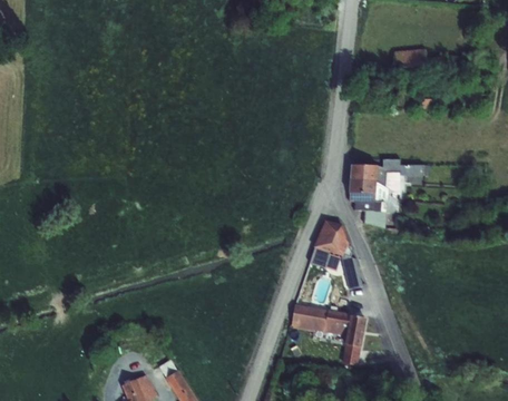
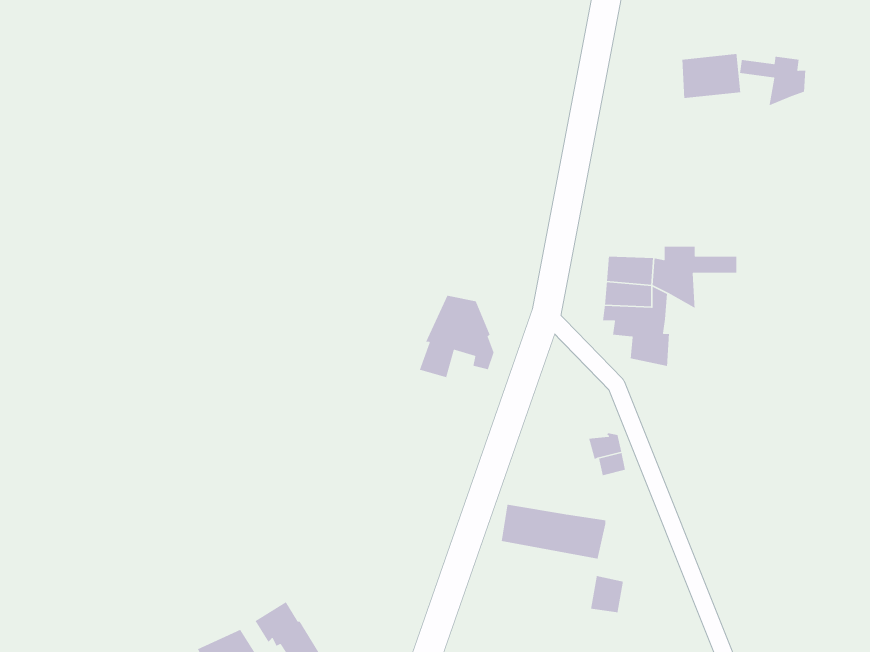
building: none -> [739,56,806,106]
building: [310,221,352,267] -> [419,295,494,378]
building: [345,315,368,348] -> none

